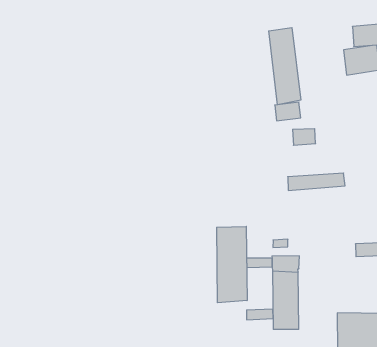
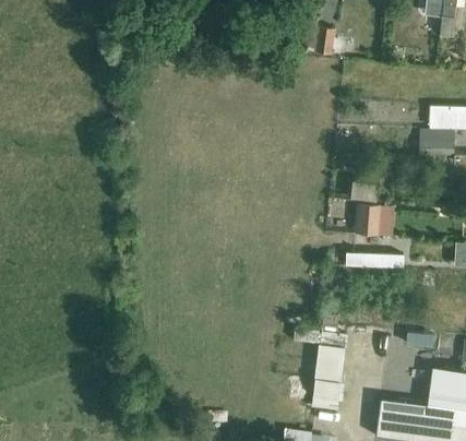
building: [269,28,301,105] -> none
building: [217,226,247,303] -> none

